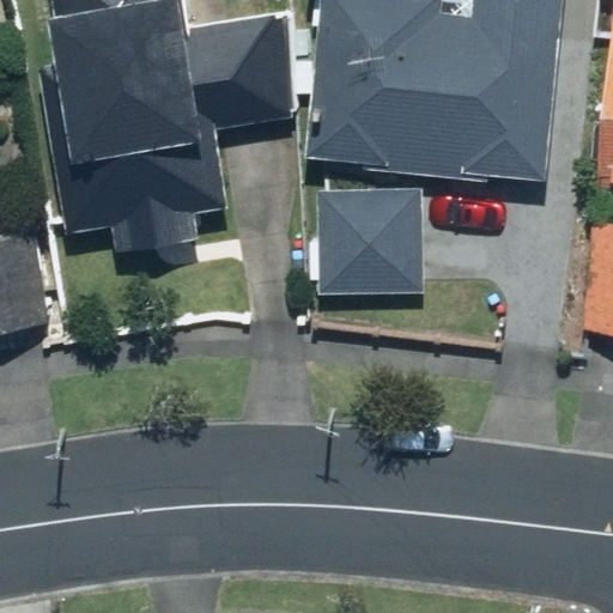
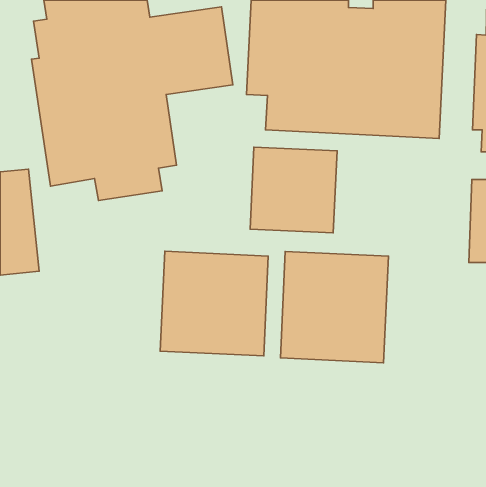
building: none -> [160,251,268,356]
building: none -> [280,251,388,363]

